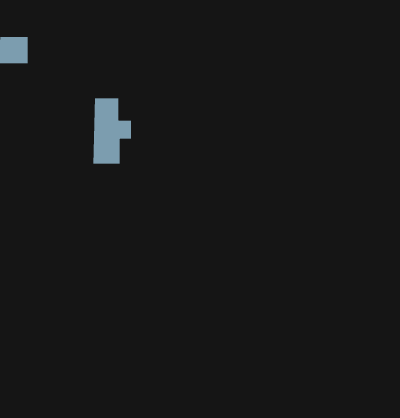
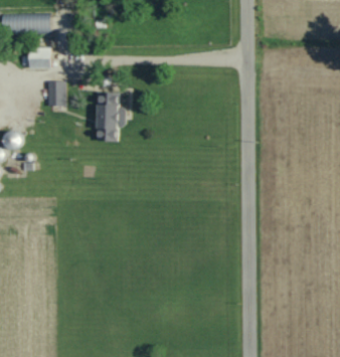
building: none -> [46,81,65,106]

